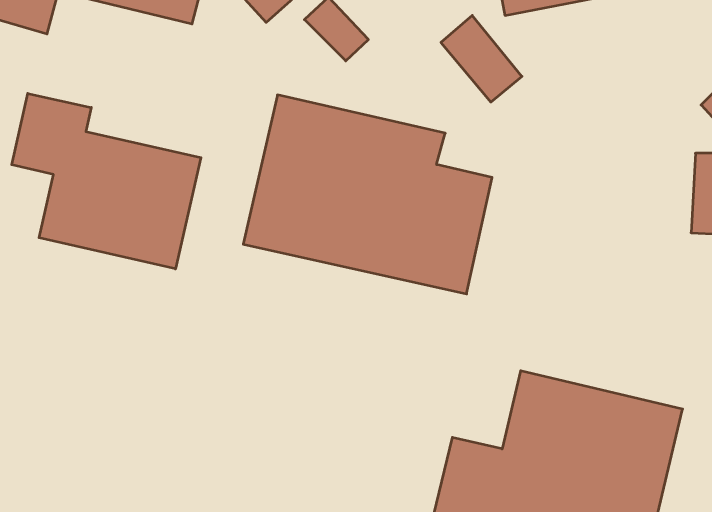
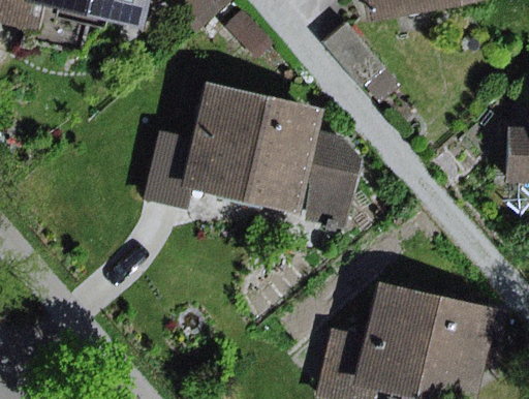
building: [12,93,201,269] -> none

